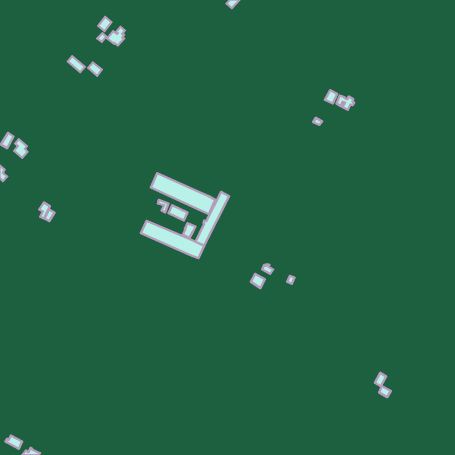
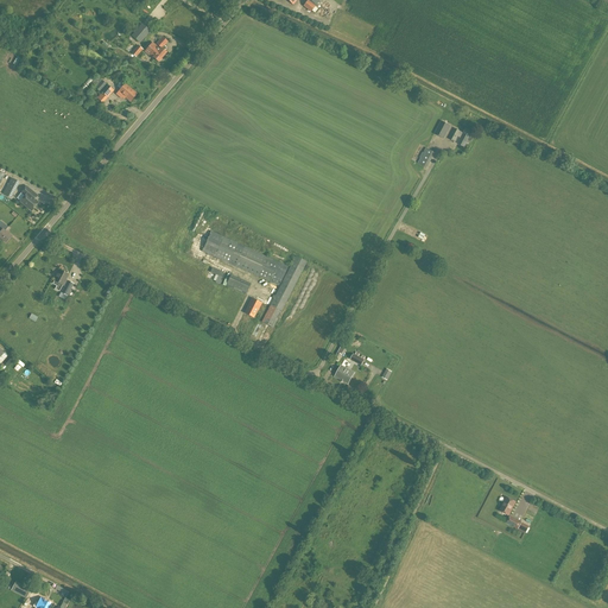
building: [141,221,204,258] -> none

